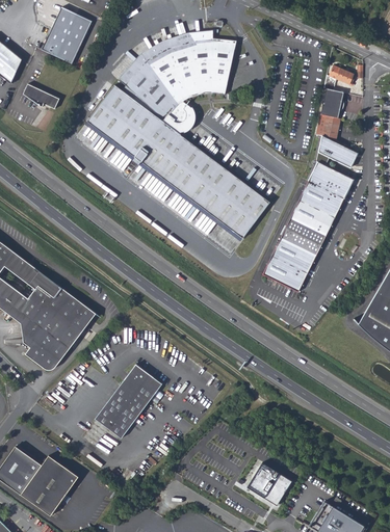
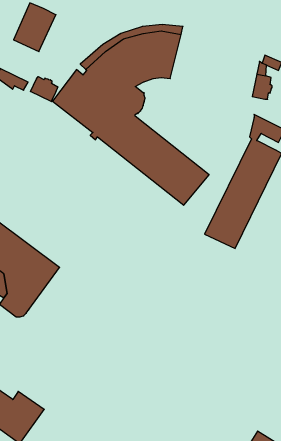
building: none -> [31,77,58,102]
building: [314,114,338,138] -> none
building: [96,364,161,437] -> none
building: [251,463,293,505] -> none

